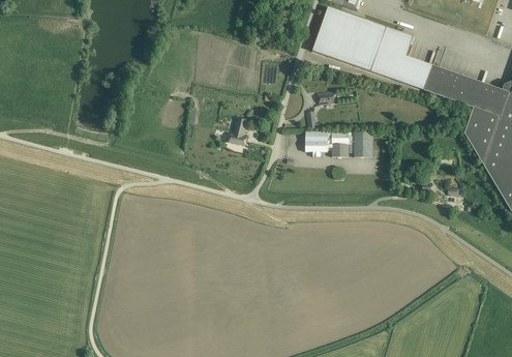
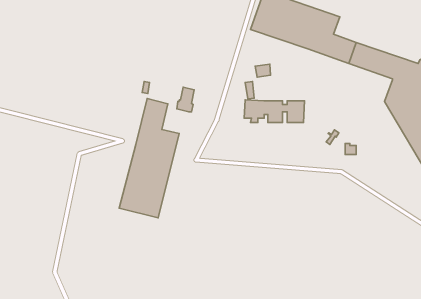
building: none -> [119,99,179,218]

